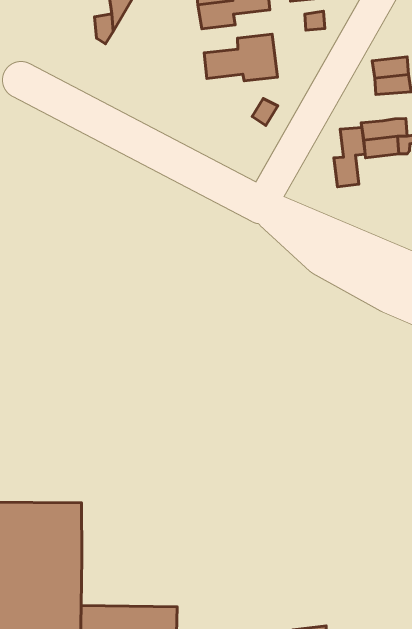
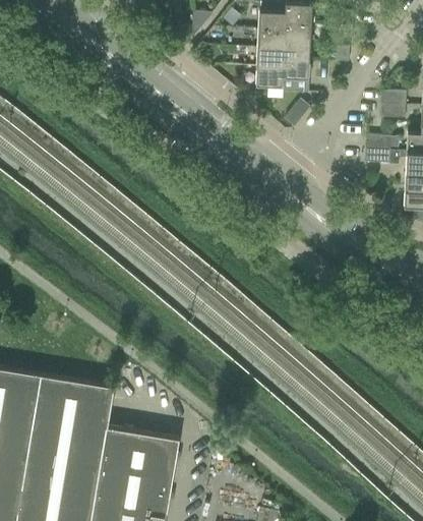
building: none -> [255,42,309,68]
building: [334,127,365,187] -> none
building: none -> [100,426,177,476]

